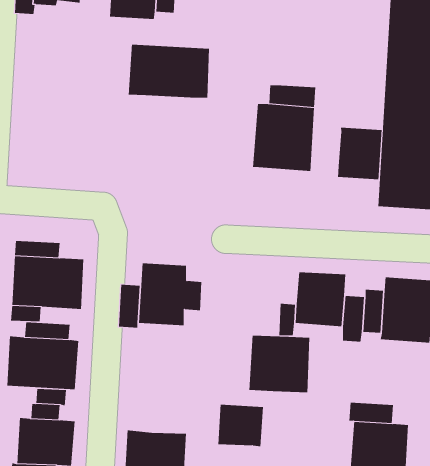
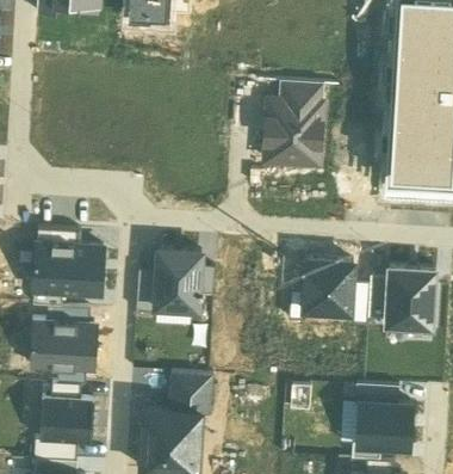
building: [128,44,209,98] -> none
building: [337,127,382,180] -> none
building: [249,335,310,393] -> none
building: [217,404,264,447] -> [168,375,212,415]

